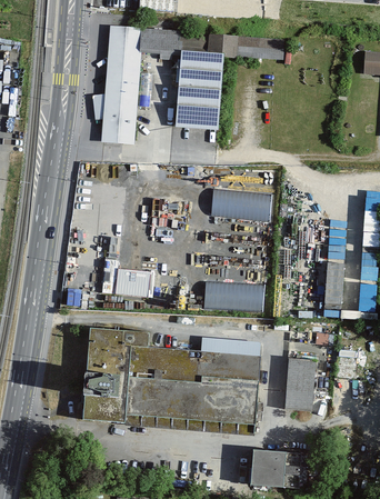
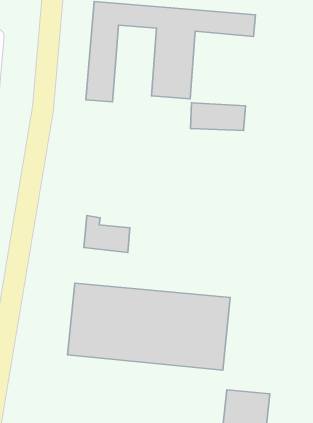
building: [212,189,272,219] -> [190,103,246,131]
building: [204,281,263,309] -> none
building: [283,358,316,409] -> none

